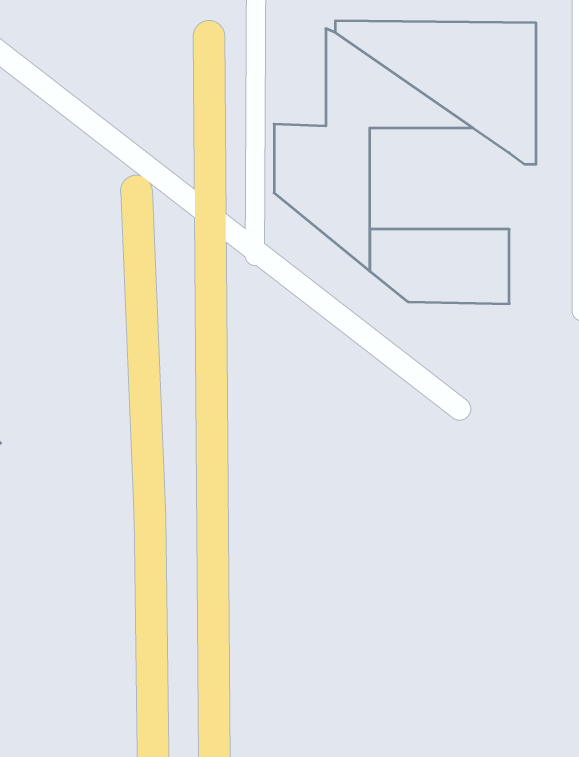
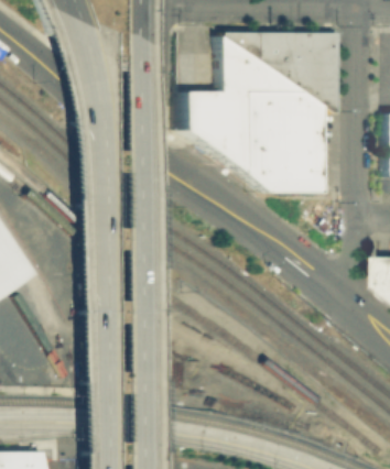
building: none -> [243,91,324,150]

